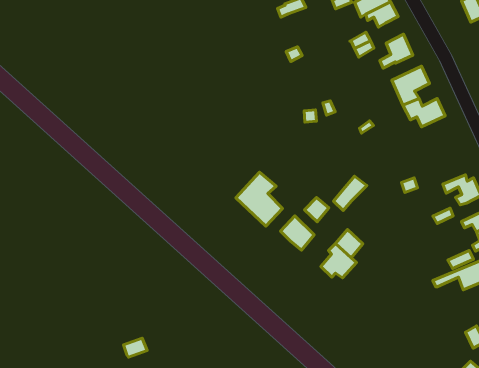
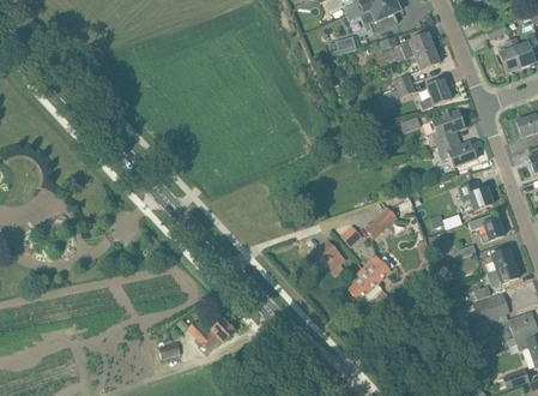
building: none -> [458,180,492,210]
building: [236,172,282,226] -> none
building: none -> [187,317,235,348]

